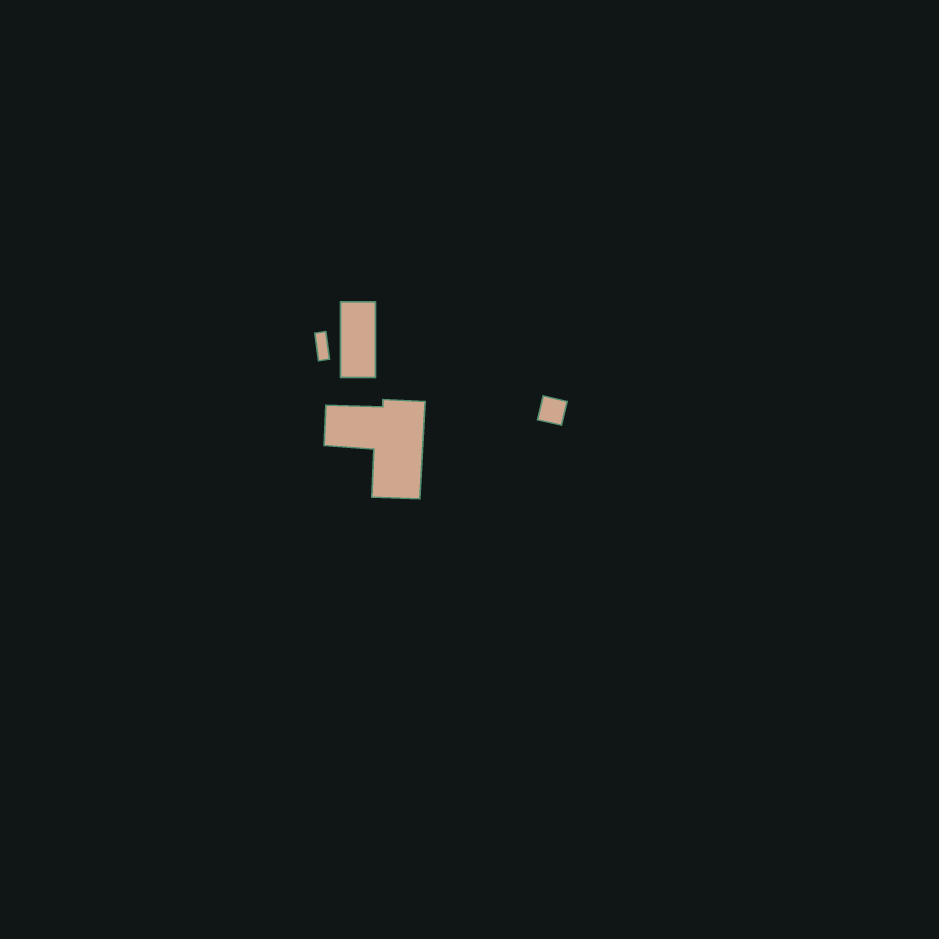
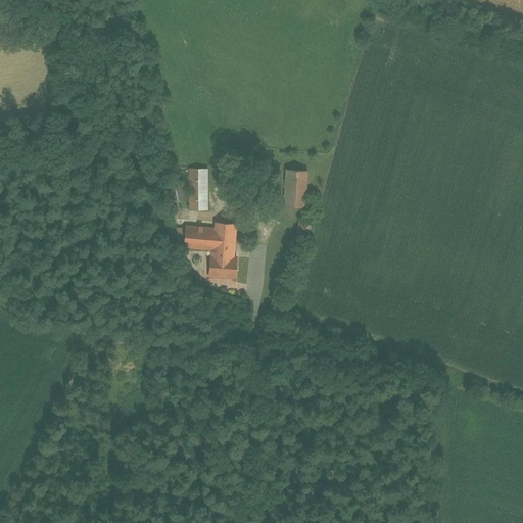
building: none -> [284,170,307,207]

